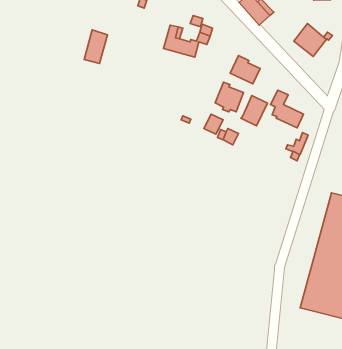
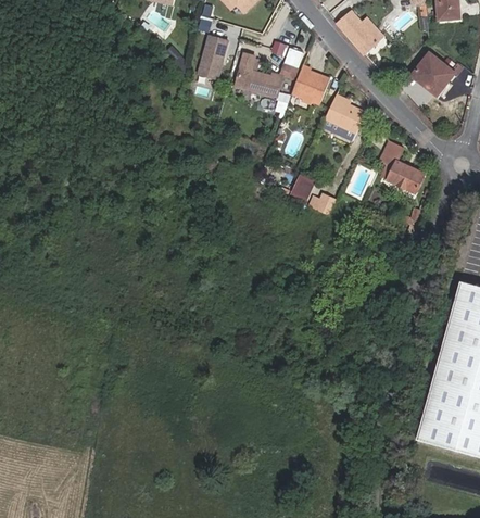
building: [84,30,107,64] -> [198,34,229,79]
building: [215,82,243,112] -> [291,65,329,105]
building: [241,95,267,126] -> none

